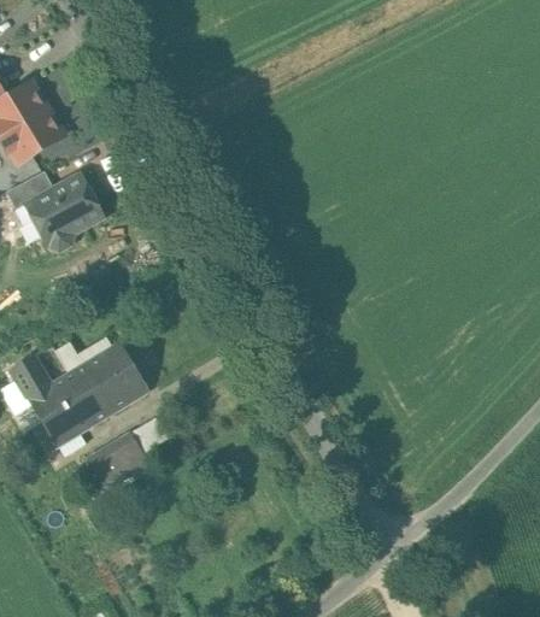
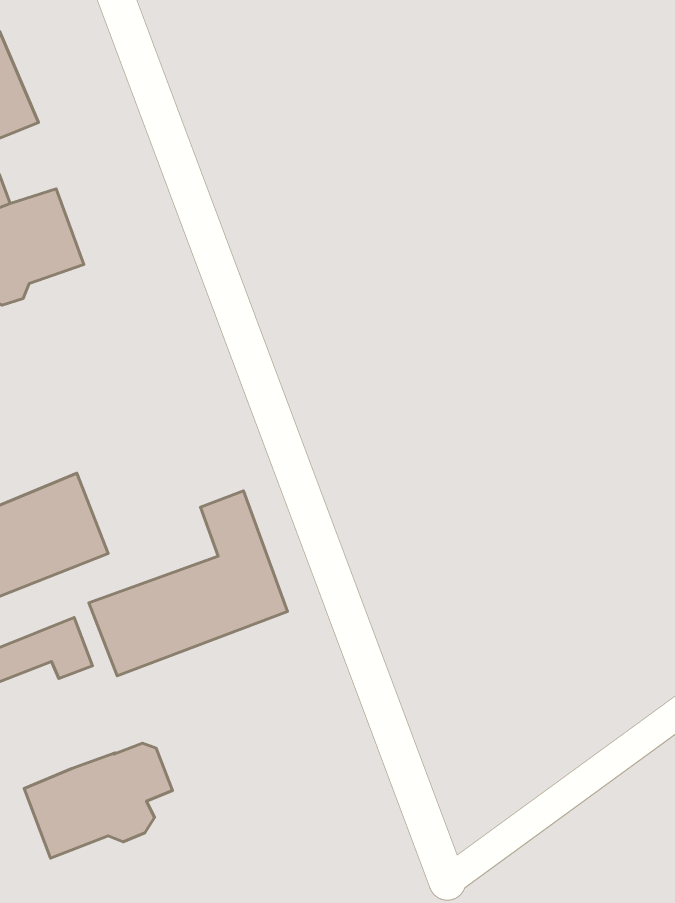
building: none -> [89,491,288,676]
building: none -> [24,743,172,858]

